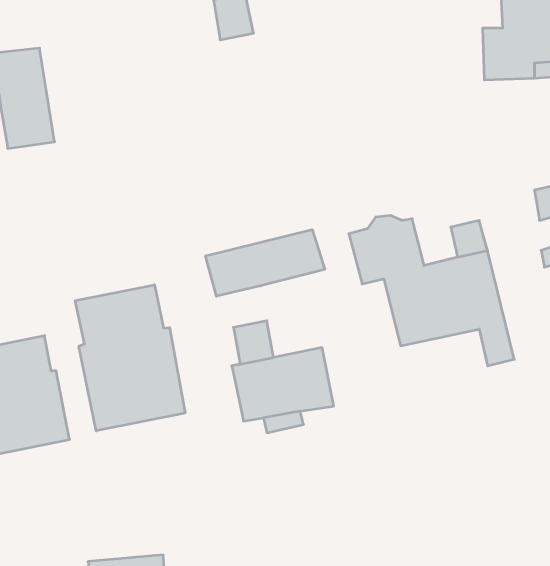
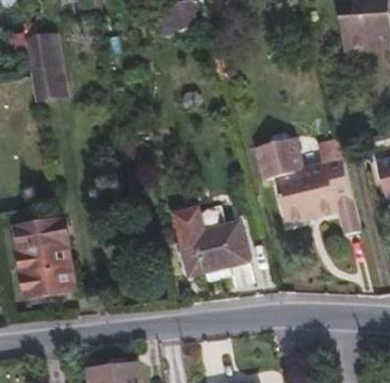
building: [206,230,325,296] -> none
building: [75,285,185,431] -> none

